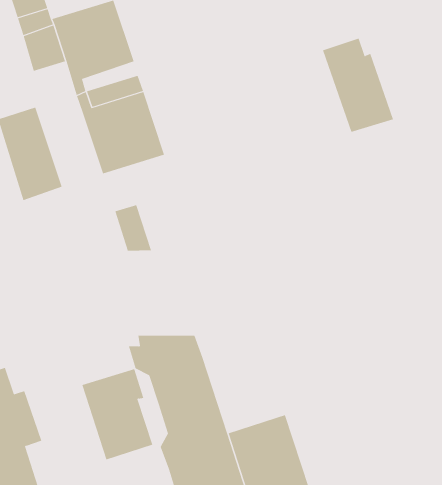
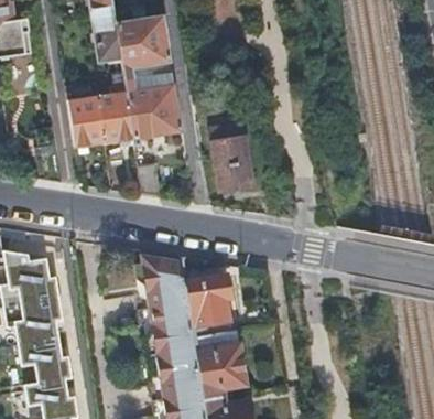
building: [322,38,394,133] -> [209,127,252,193]
building: none -> [98,93,135,143]
building: [81,368,153,460] -> [186,275,230,336]

